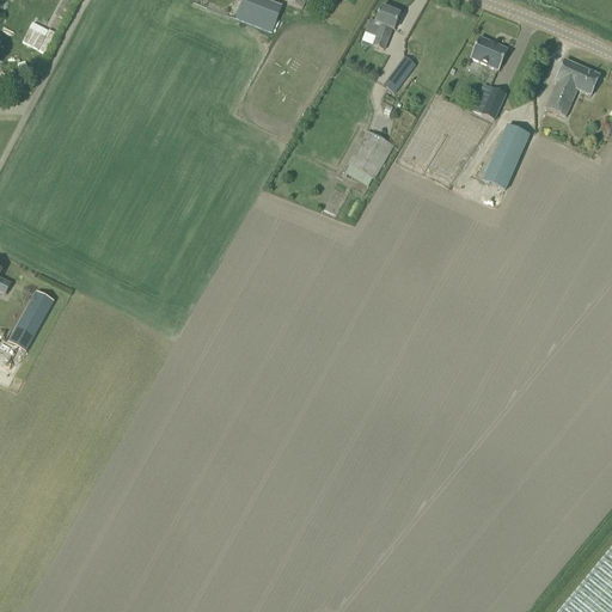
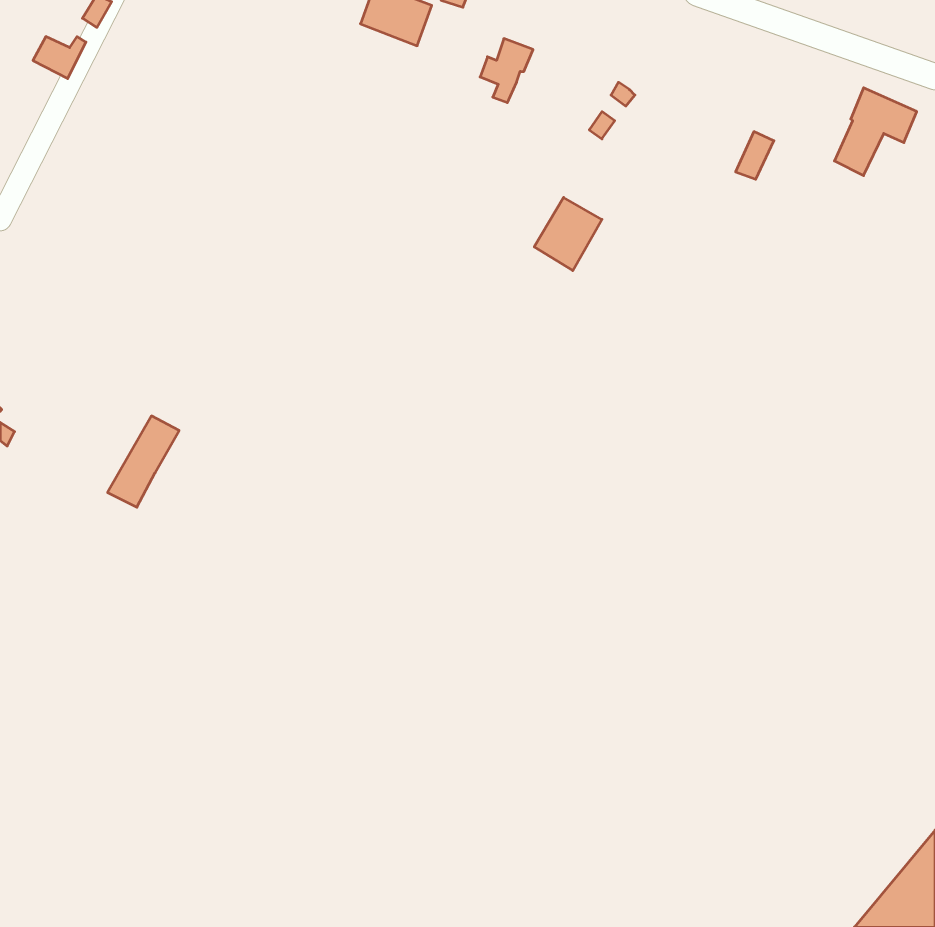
building: [365,5,399,47] -> [480,39,533,103]
building: [470,35,508,68] -> none
building: [483,123,530,188] -> none
building: [7,289,54,349] -> [108,416,179,507]

